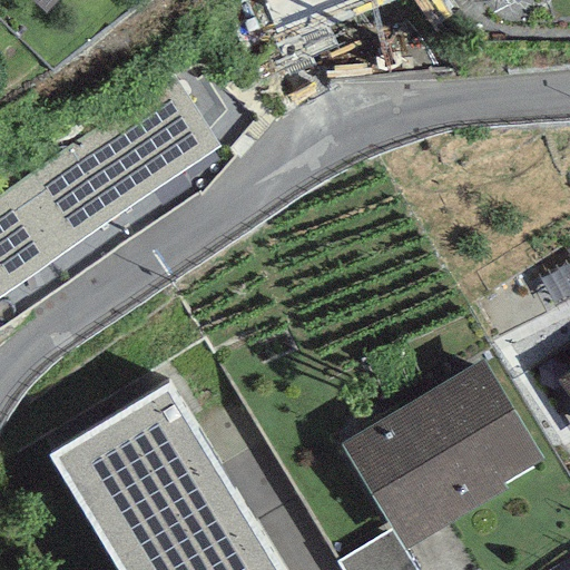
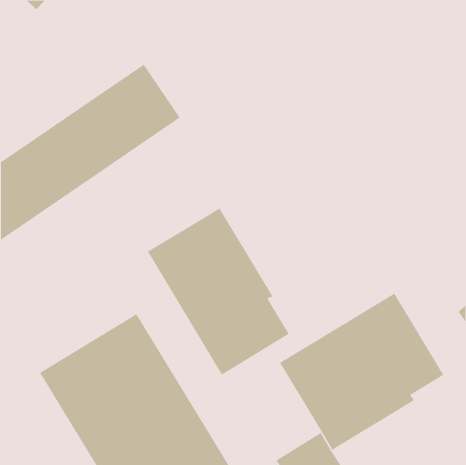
building: none -> [147,208,289,375]

